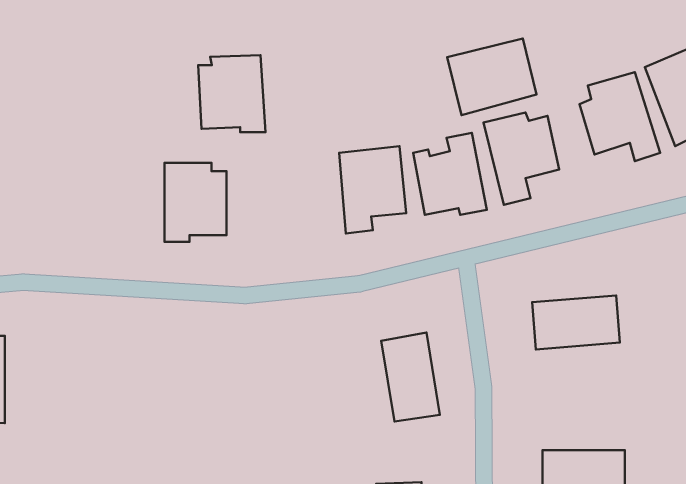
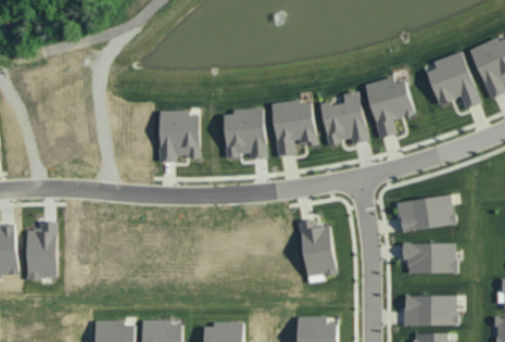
building: [447,39,537,115] -> none
building: [198,55,265,132] -> [224,107,267,157]
building: none -> [402,243,456,273]

